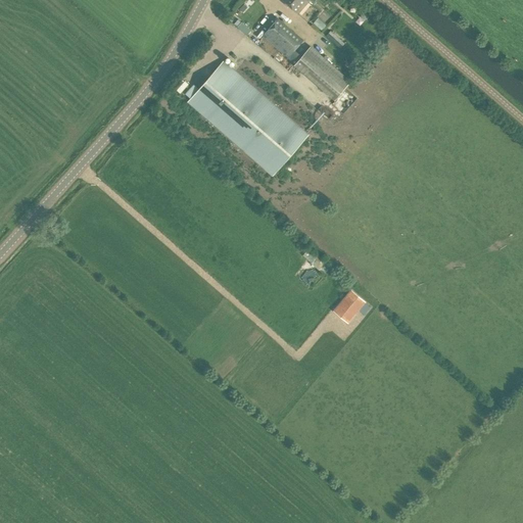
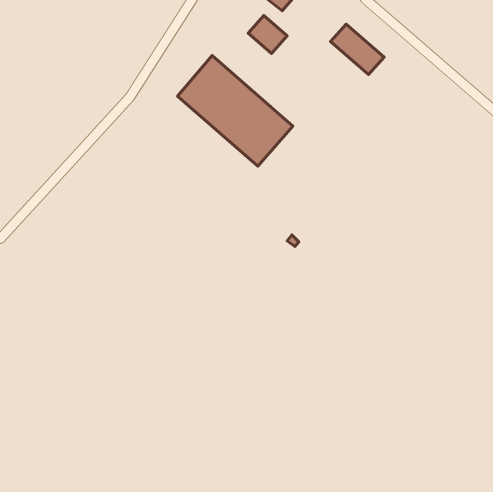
building: [294,46,350,99] -> [331,24,384,75]
building: [333,289,366,323] -> none

